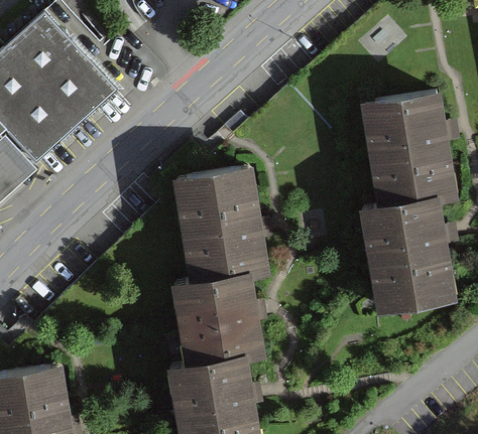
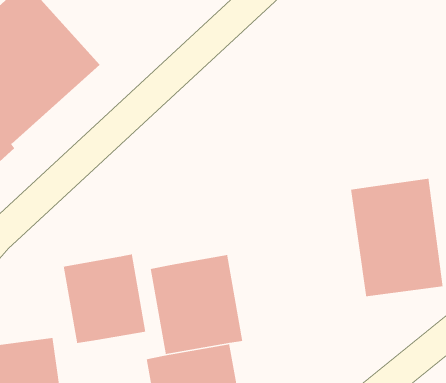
building: [363,95,454,207] -> none
building: [170,169,265,283] -> none
building: none -> [63,253,146,344]

